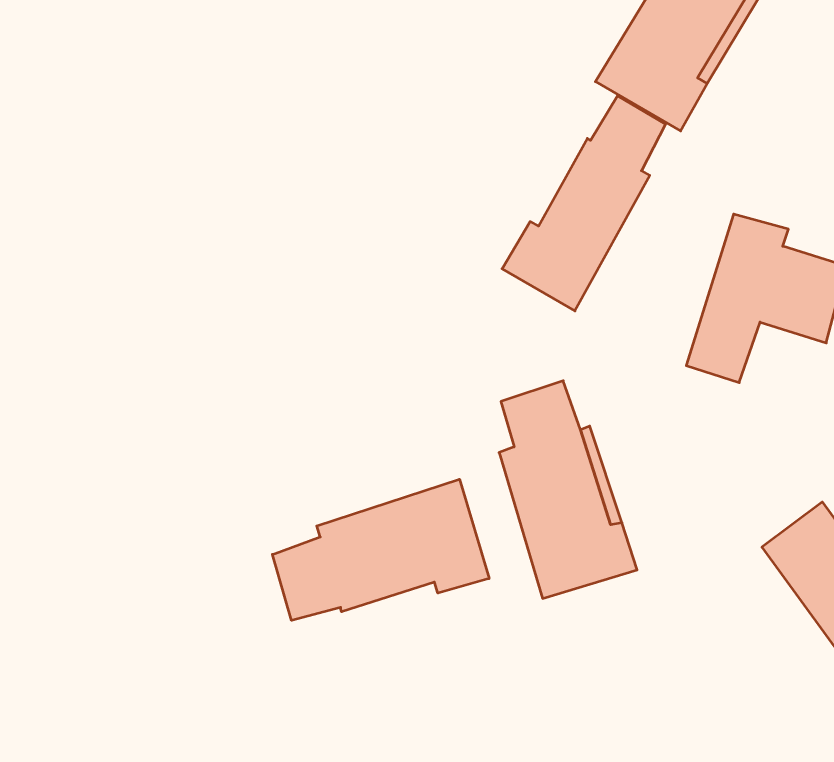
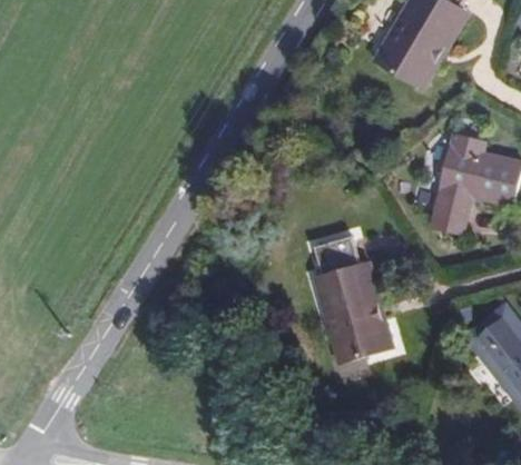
building: [502,96,666,311] -> none
building: [272,479,489,620] -> none

